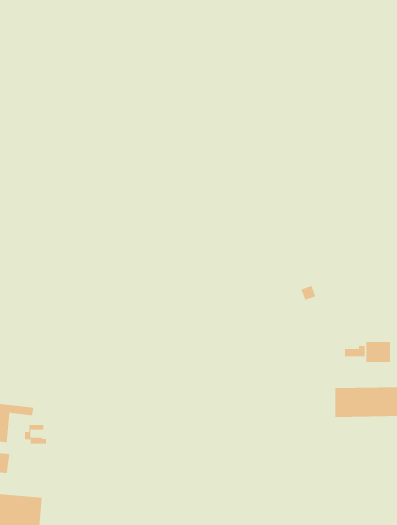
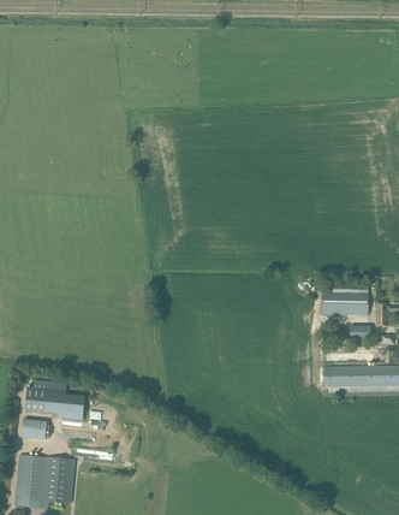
building: none -> [323,278,370,315]

